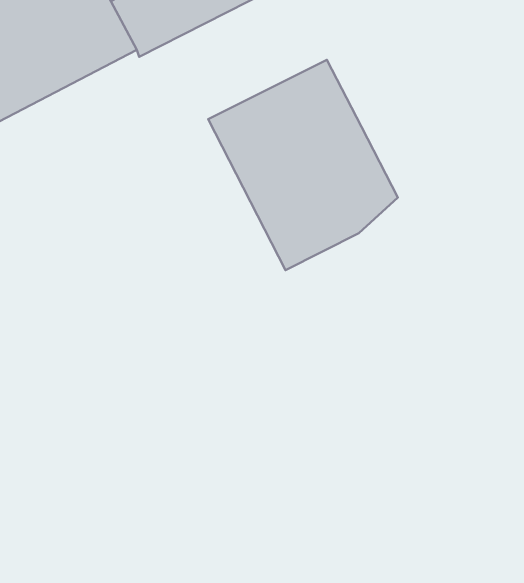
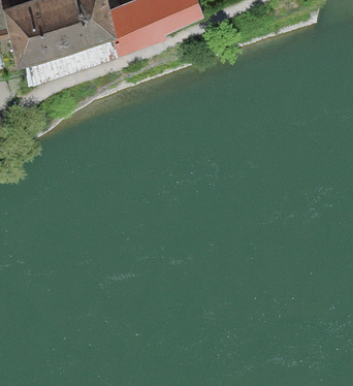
building: [208,60,398,270] -> none

